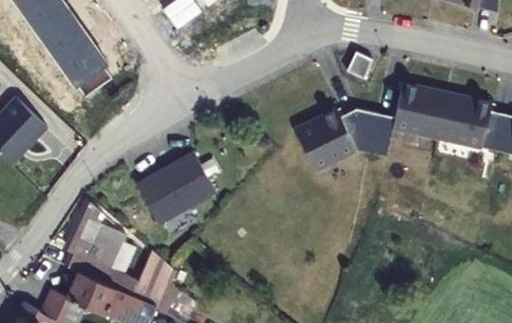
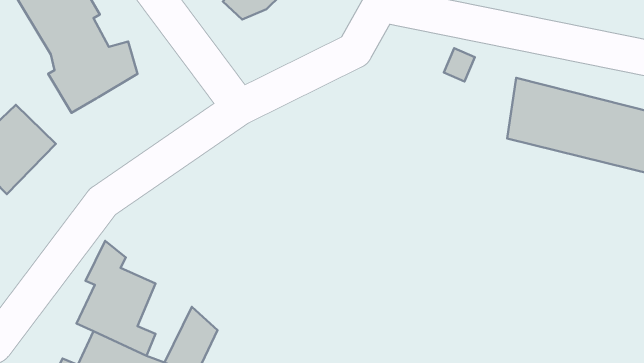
building: [294,104,395,172] -> none
building: [136,152,216,224] -> none

